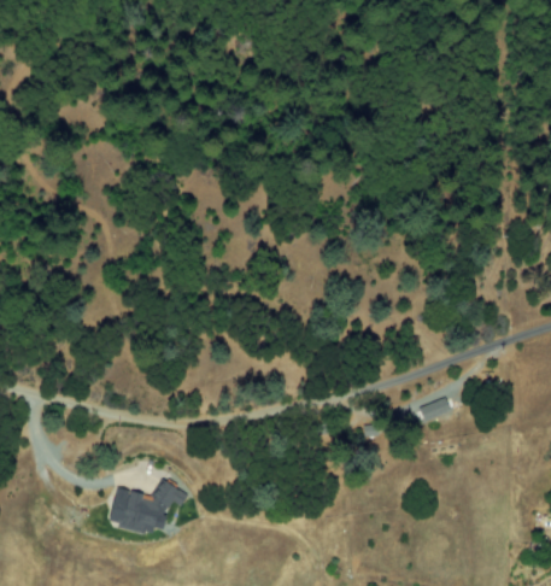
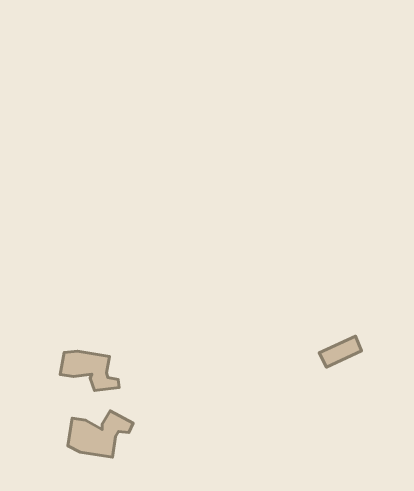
building: none -> [60,351,119,391]

